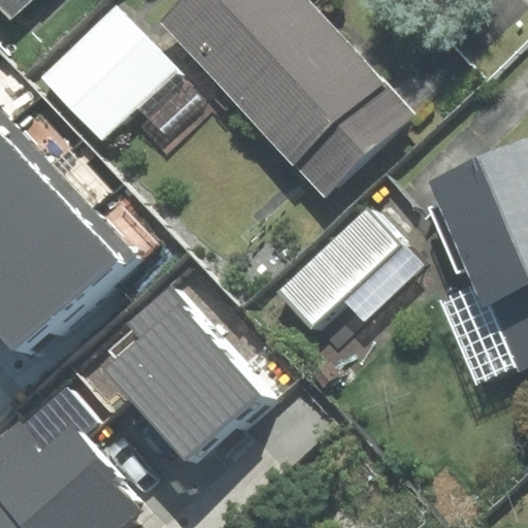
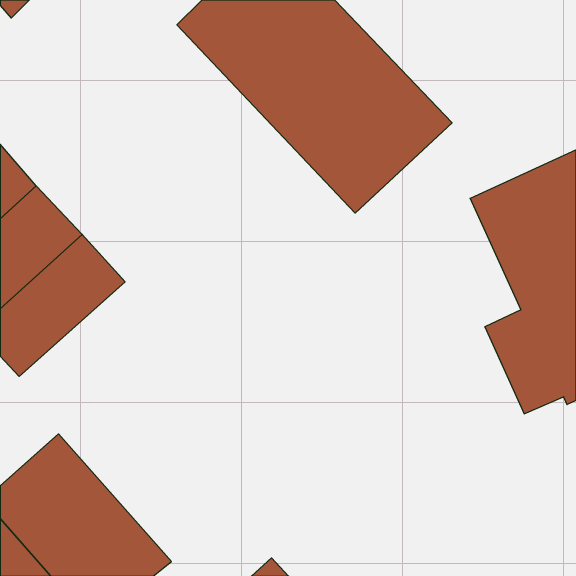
building: [41,7,176,141] -> none
building: [277,209,422,327] -> none
building: [104,289,284,470] -> none

